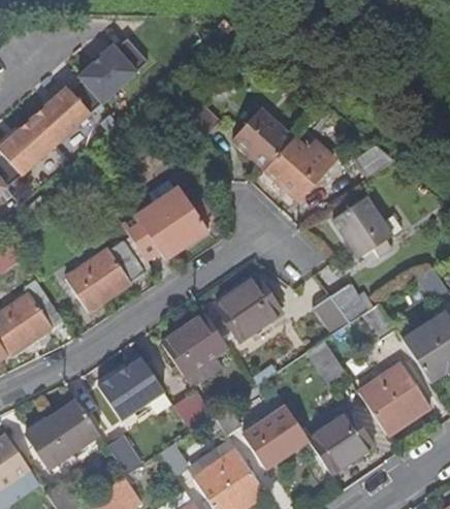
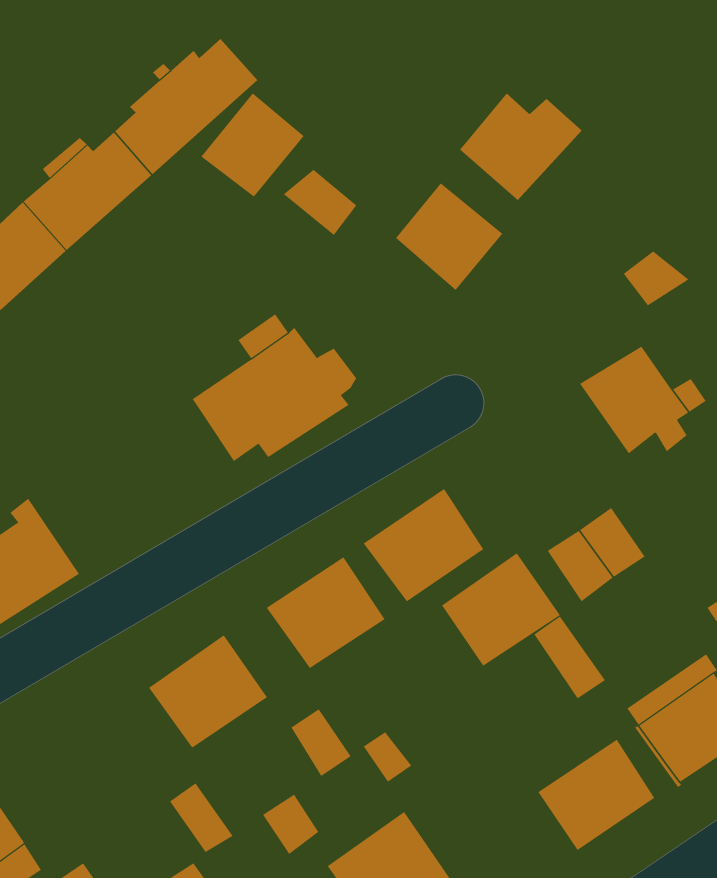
building: none -> [201,93,305,198]
building: [265,137,332,196] -> [459,92,583,201]
building: [60,244,136,313] -> none
building: [27,400,99,466] -> none
building: [245,407,310,469] -> [441,552,561,666]

